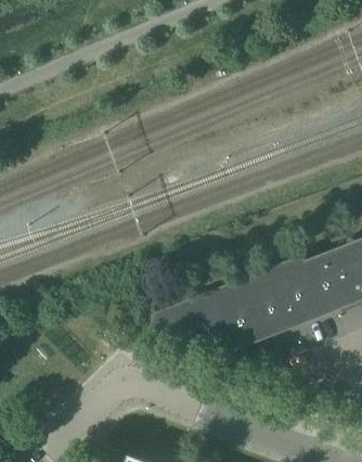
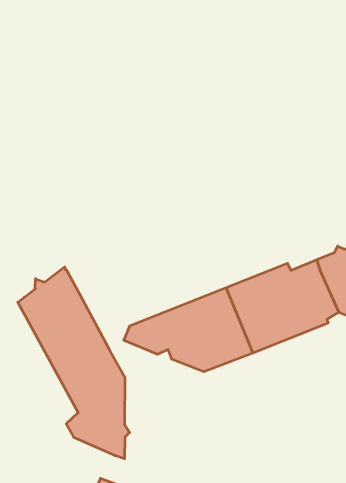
building: none -> [18,267,130,459]

